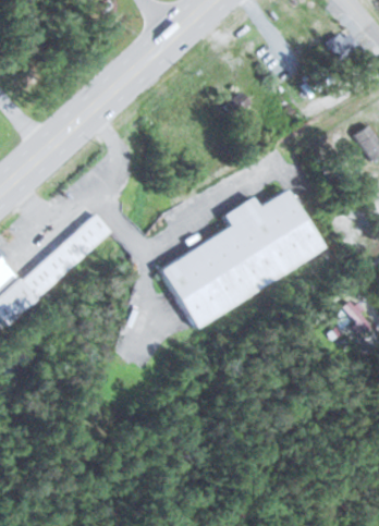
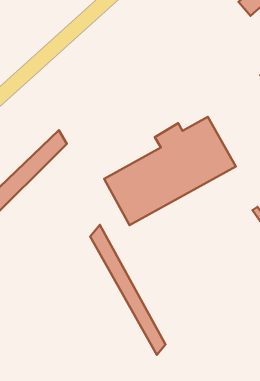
building: none -> [90,225,165,355]

